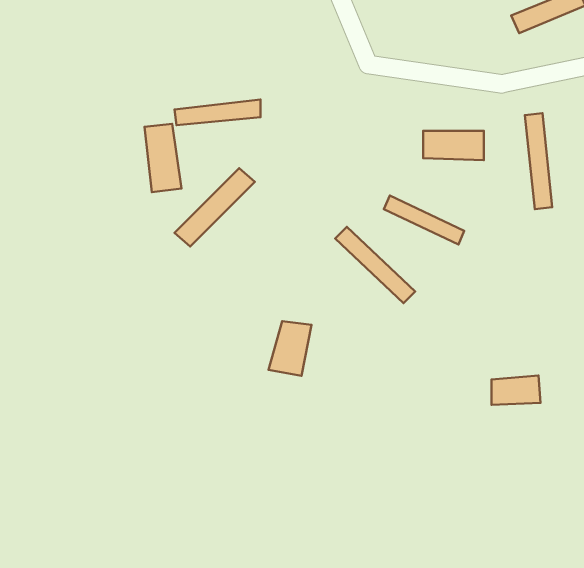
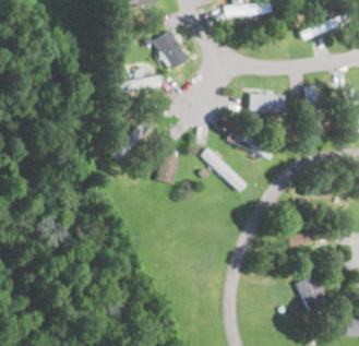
building: none -> [153,31,188,70]
building: [144,124,182,192] -> none
building: [268,321,311,376] -> [156,153,180,183]
building: none -> [296,274,326,311]

